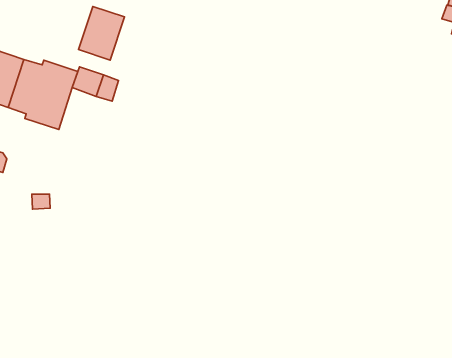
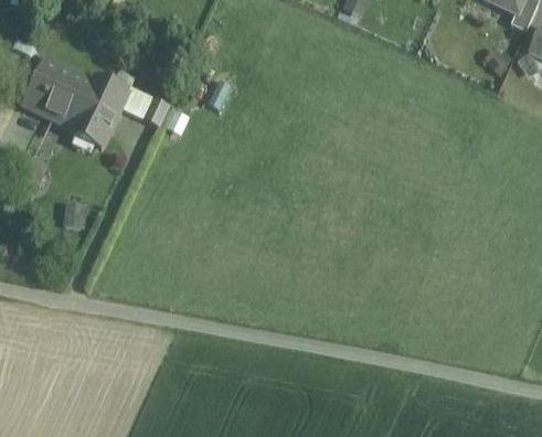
building: [78,7,124,60] -> none

